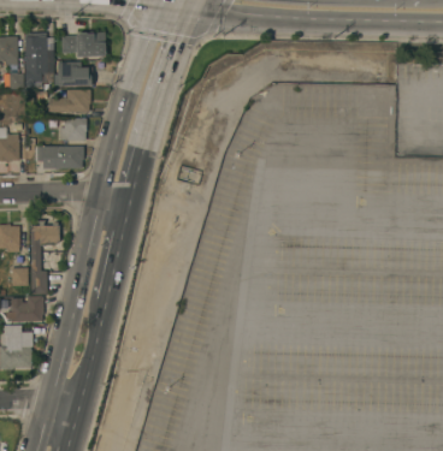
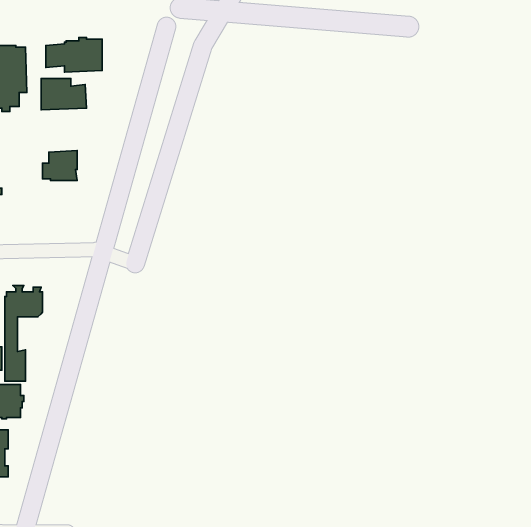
building: [48,90,90,113] -> none
building: [35,147,83,171] -> none

